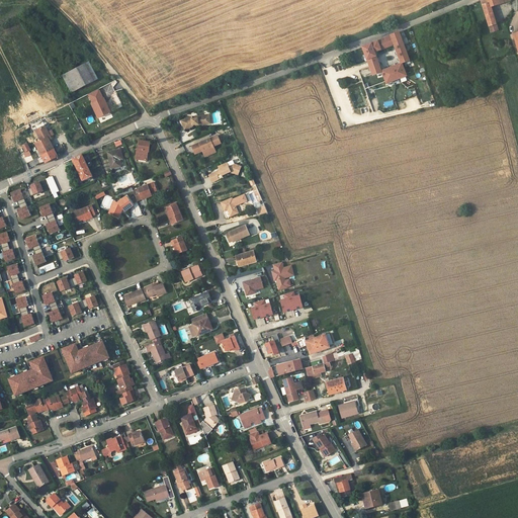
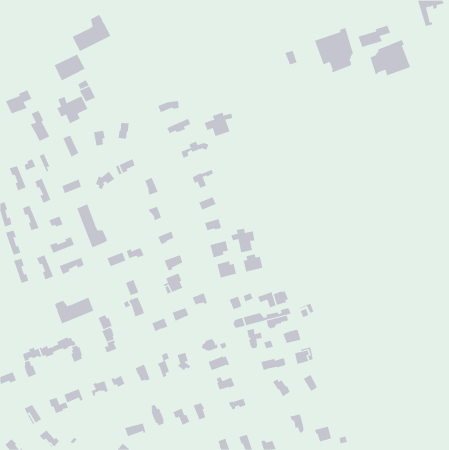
building: none -> [72,14,111,52]
building: none -> [358,25,391,48]
building: none -> [370,39,411,76]
building: none -> [5,90,32,115]
building: none -> [56,95,88,124]
building: none -> [204,112,233,137]
building: none -> [77,204,108,248]
building: [8,357,52,396] -> none

